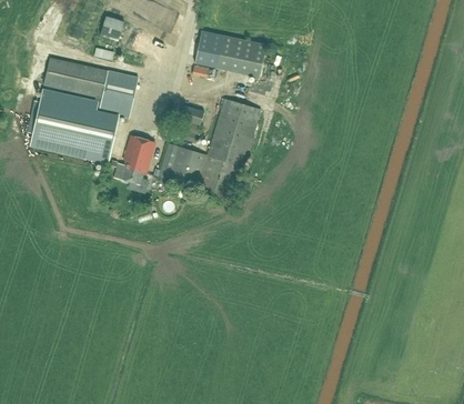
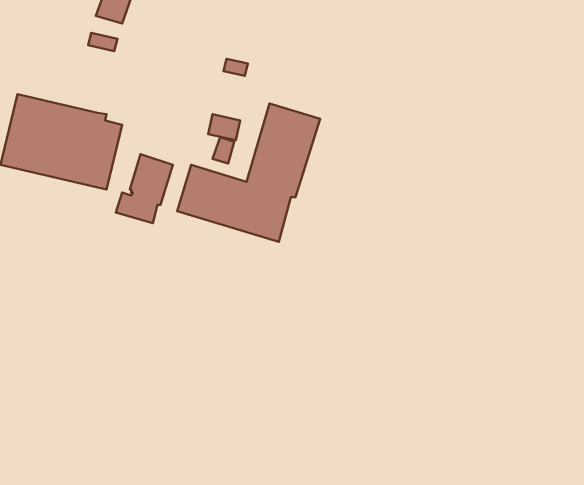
building: [195,30,266,75] -> none
building: [43,58,137,115] -> none

